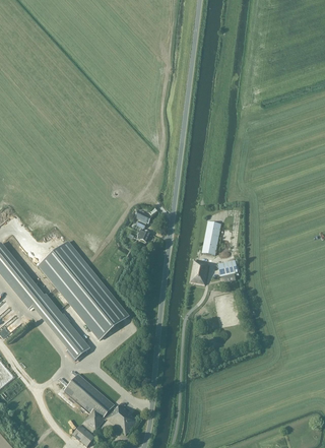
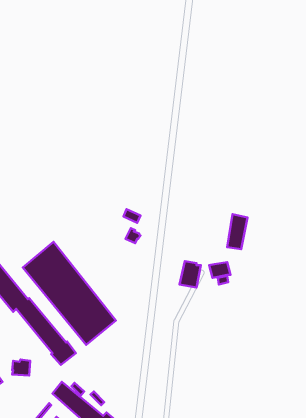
building: [202,220,221,254] -> [227,214,247,249]

